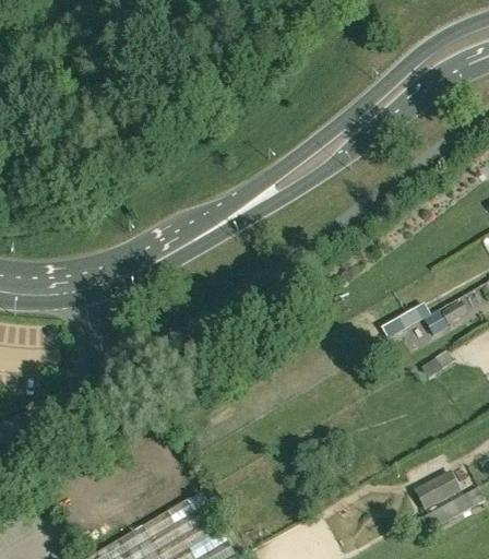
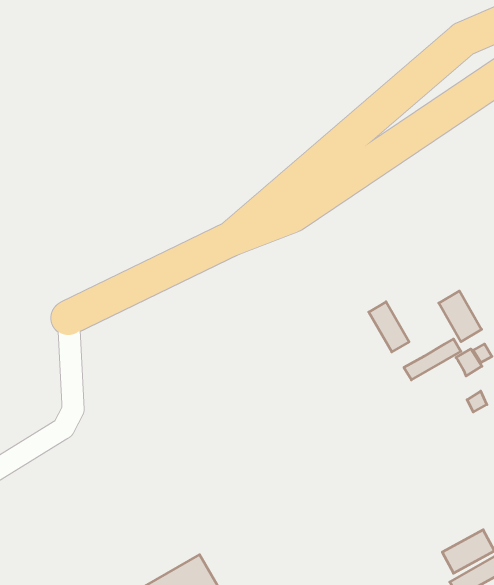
building: none -> [439,291,482,342]
building: none -> [369,302,409,352]

